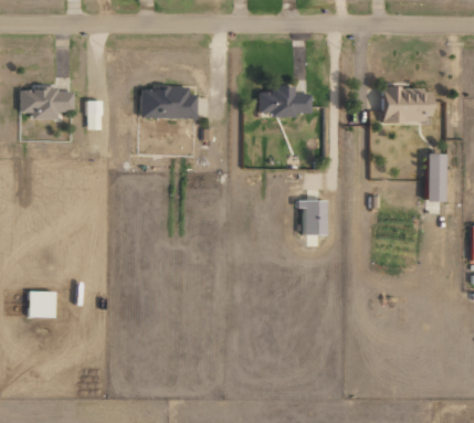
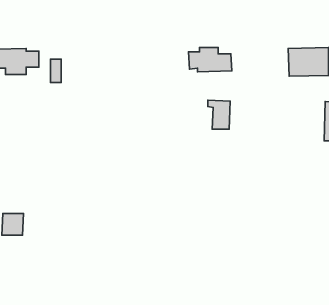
building: [140,88,198,119] -> none
building: [297,200,325,235] -> [208,100,230,129]

